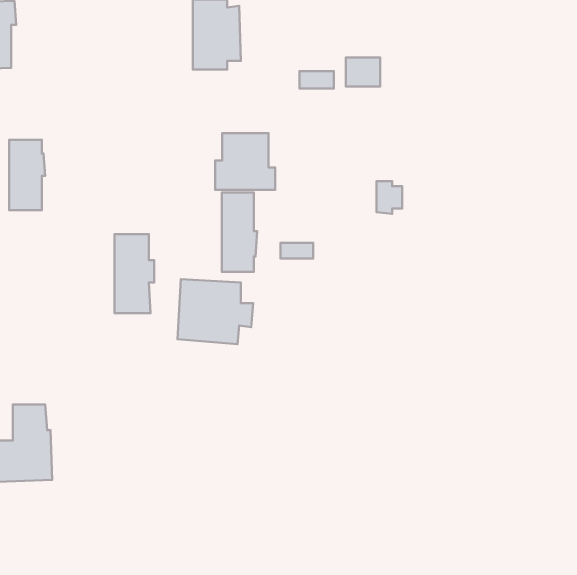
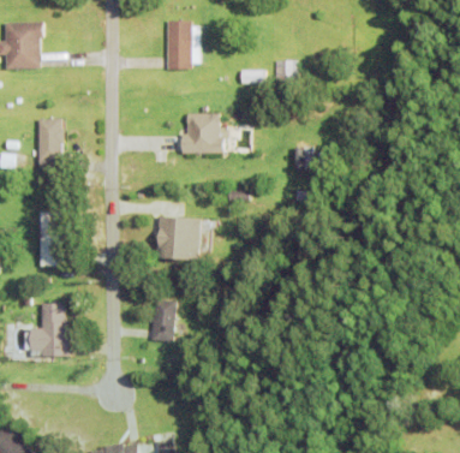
building: [222,193,257,272] -> none
building: [115,234,154,313] -> [38,210,66,266]
building: none -> [150,299,177,341]

